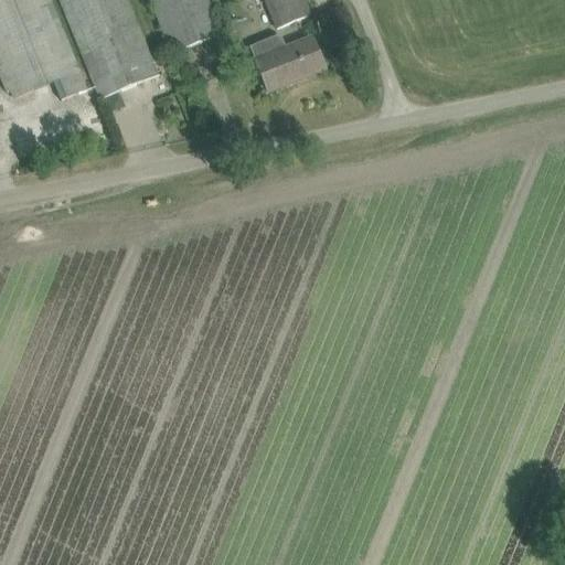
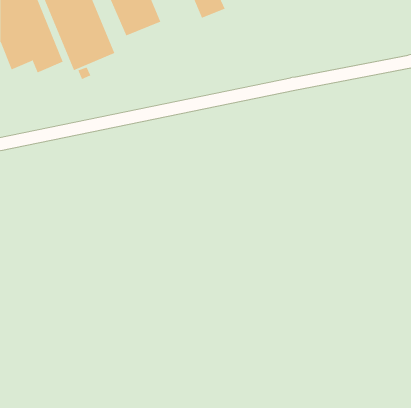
building: [249,34,324,89] -> none

